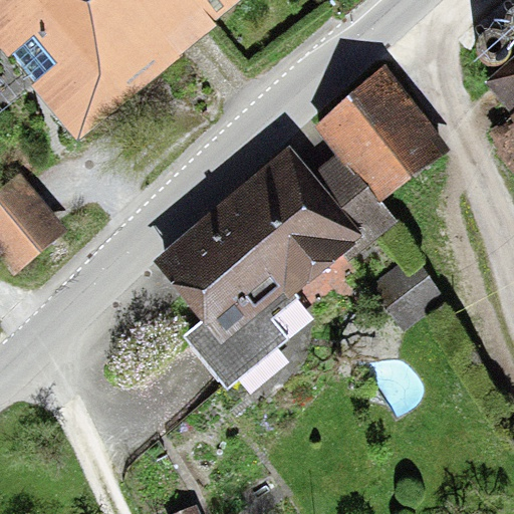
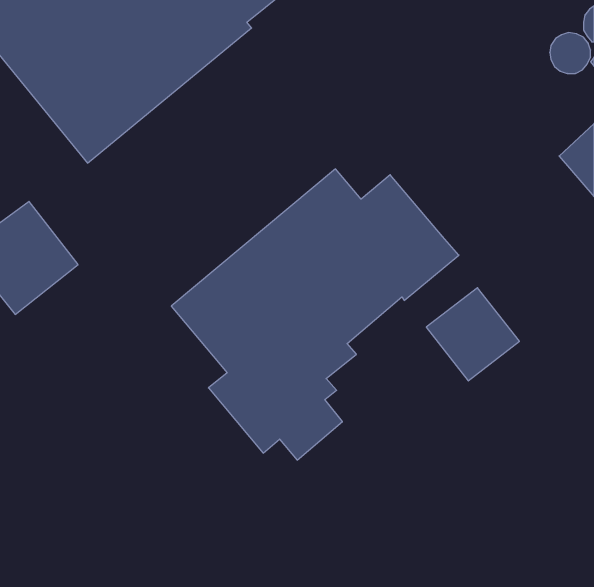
building: [314,65,452,204] -> none

